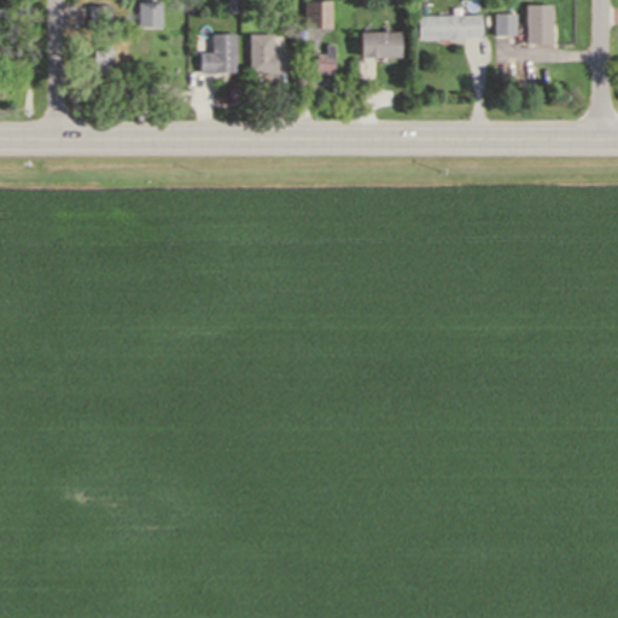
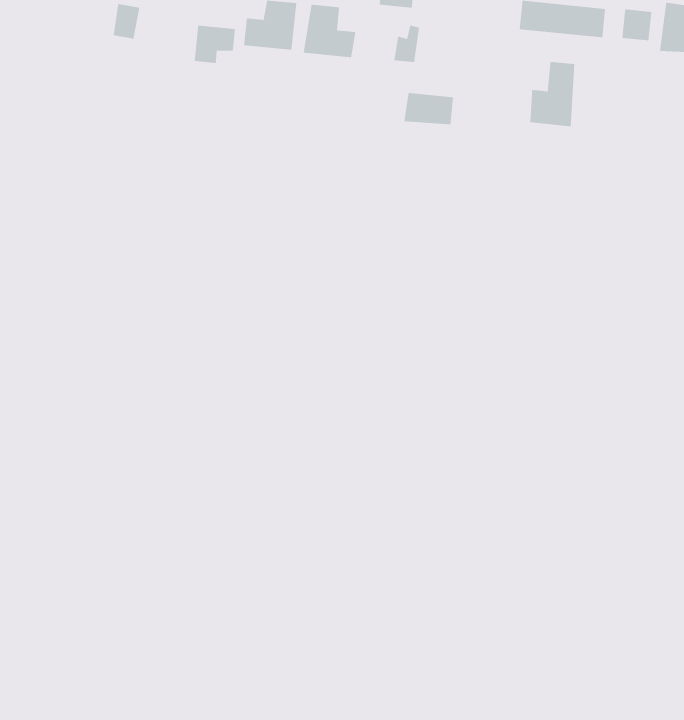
building: [365,37,402,60] -> [403,93,454,125]
building: none -> [194,25,235,64]
building: none -> [530,61,575,127]

